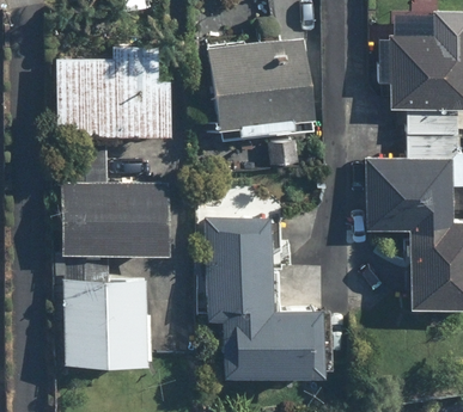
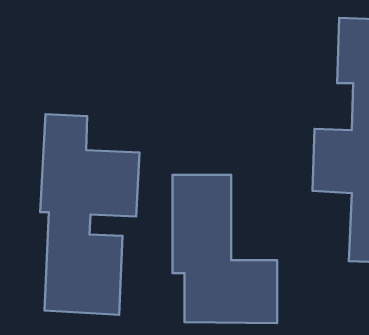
building: [208,37,315,137] -> none
building: [57,48,172,137] -> none

